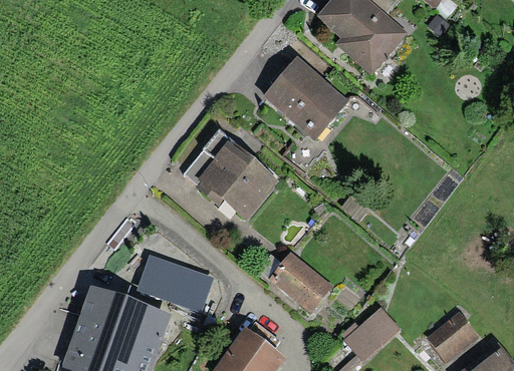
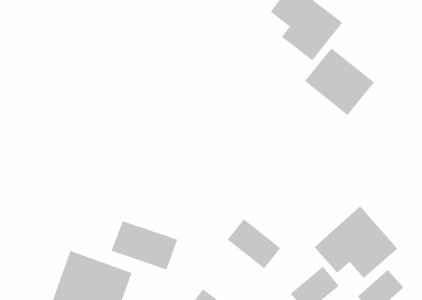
building: [264,58,345,136] -> [304,48,375,116]
building: [198,140,277,216] -> none
building: none -> [314,206,398,279]

